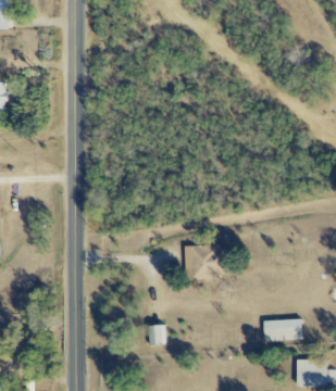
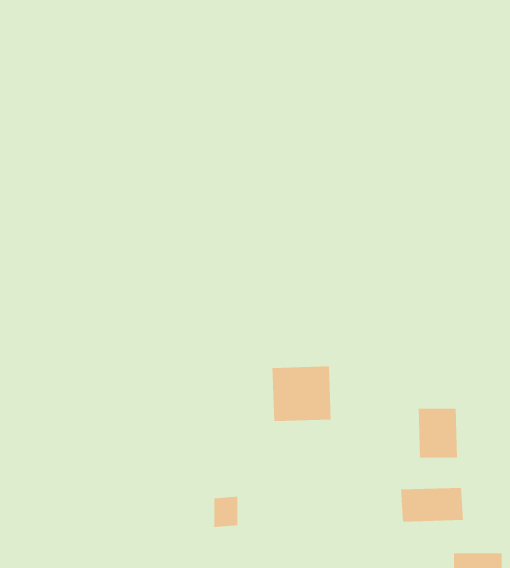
building: none -> [418,408,458,459]

